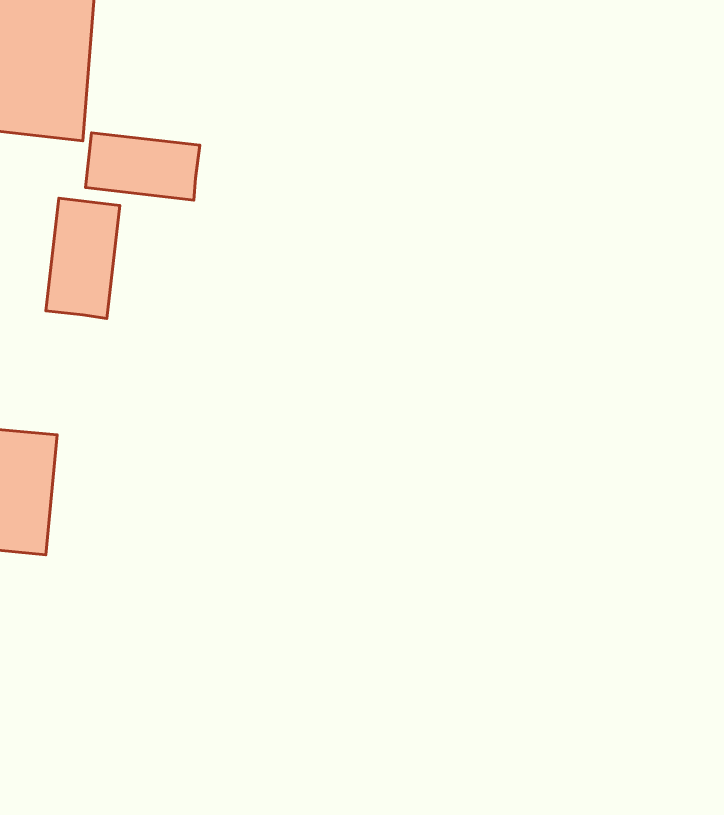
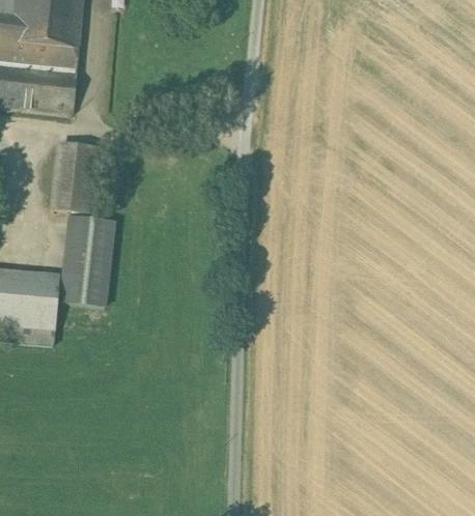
building: [85,133,200,200] -> none
building: none -> [62,217,113,305]

